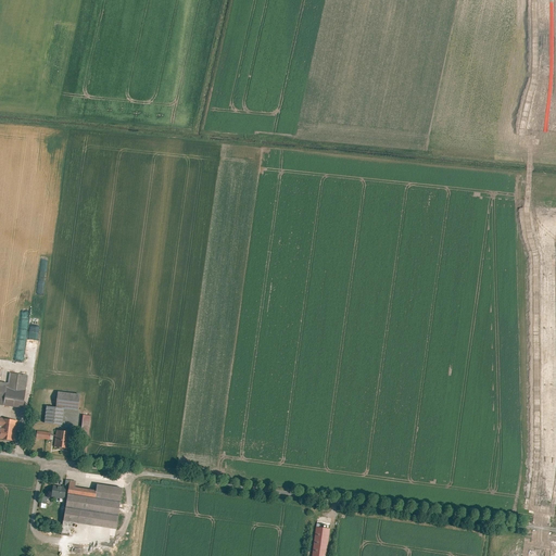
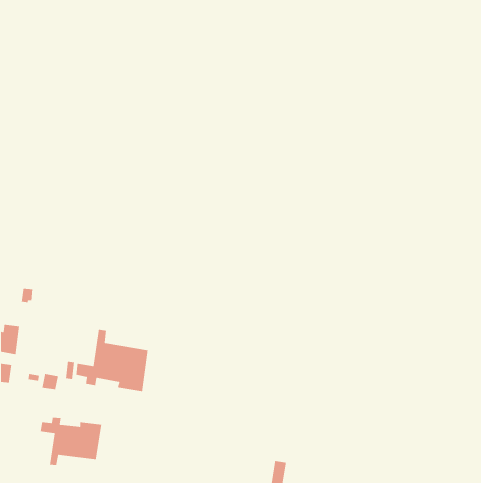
building: none -> [75,329,149,392]
building: [42,391,78,425] -> none

